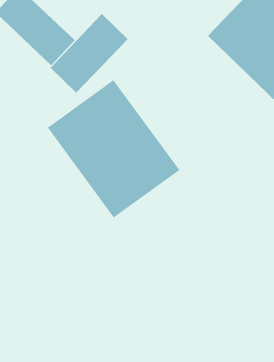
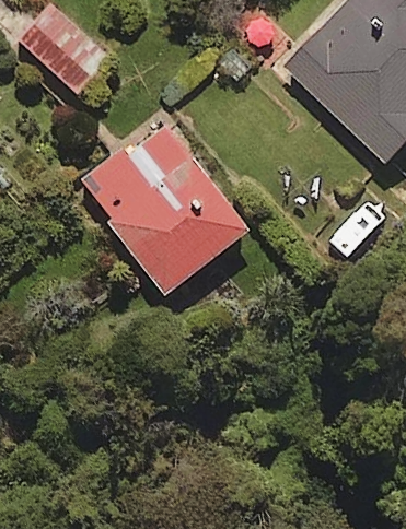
building: [50,13,128,94] -> none

